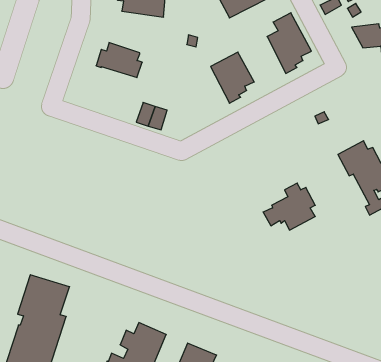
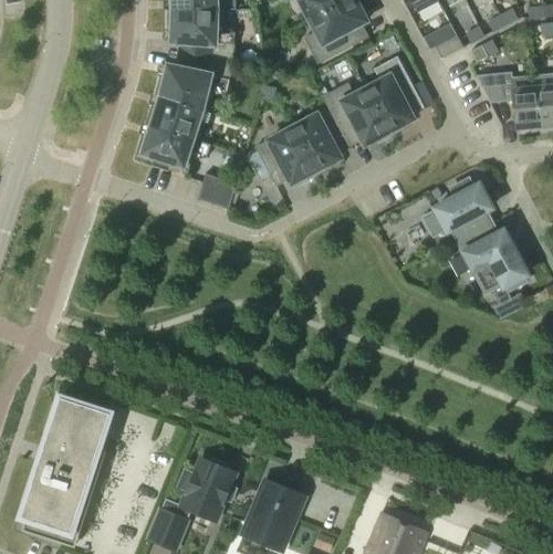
building: none -> [155,53,232,111]
building: none -> [322,81,390,145]
building: none -> [135,125,210,170]
building: none -> [255,125,317,184]
building: [263,183,315,230] -> [424,178,491,239]

